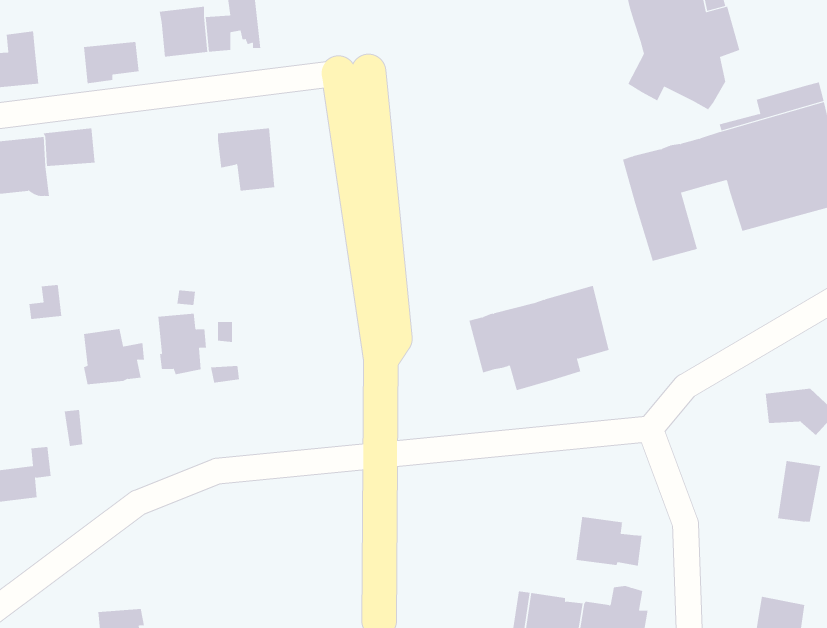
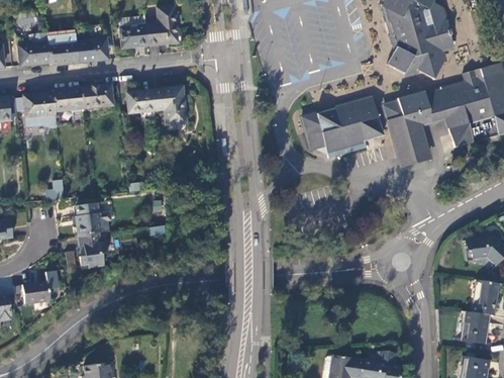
building: none -> [48,42,78,67]
building: none -> [81,86,113,109]
building: none -> [126,93,155,120]
building: [469,285,609,391] -> [301,98,382,159]
building: [157,313,207,375] -> [78,234,106,270]
building: [576,516,642,566] -> none
building: none -> [462,312,490,344]

